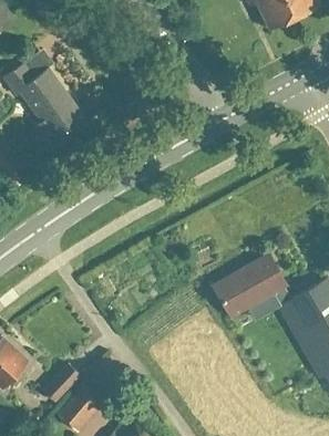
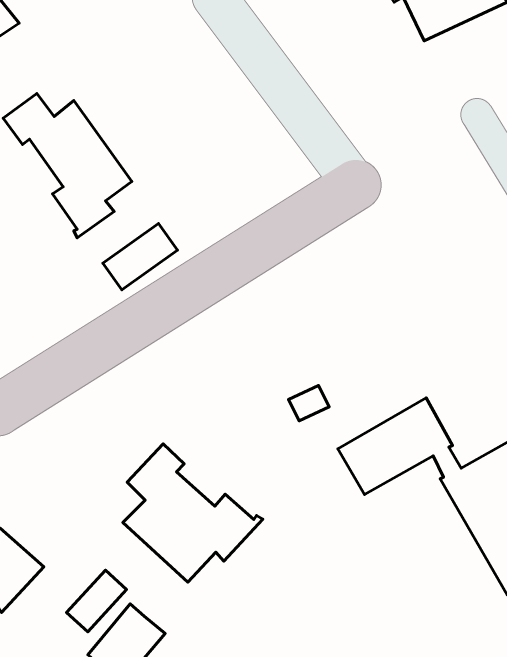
building: none -> [103,224,177,290]
building: none -> [123,444,263,582]

